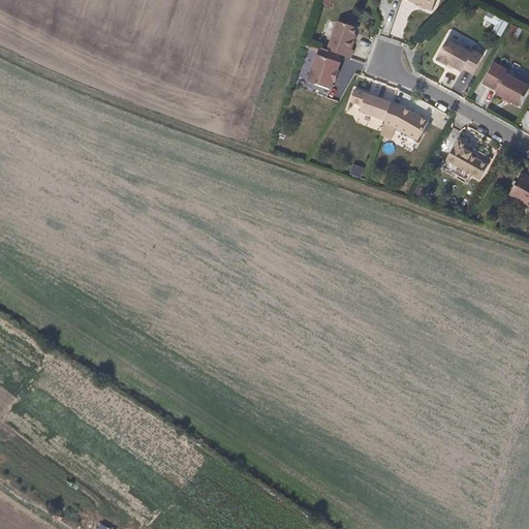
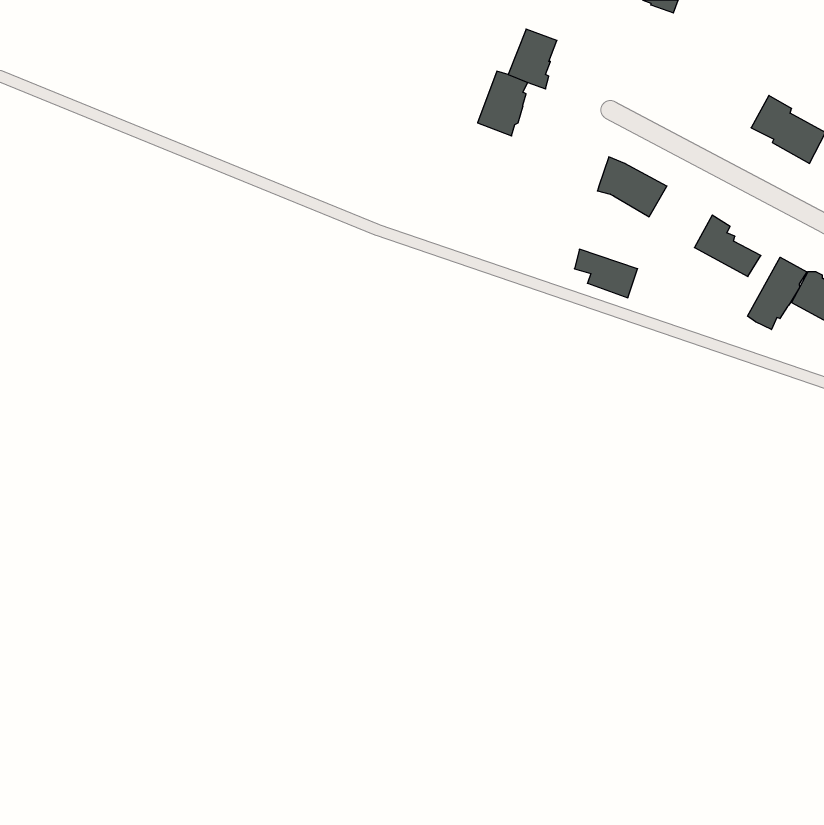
building: [436,38,481,73] -> none
building: [350,89,391,120] -> [574,249,638,298]
building: none -> [748,257,807,330]

